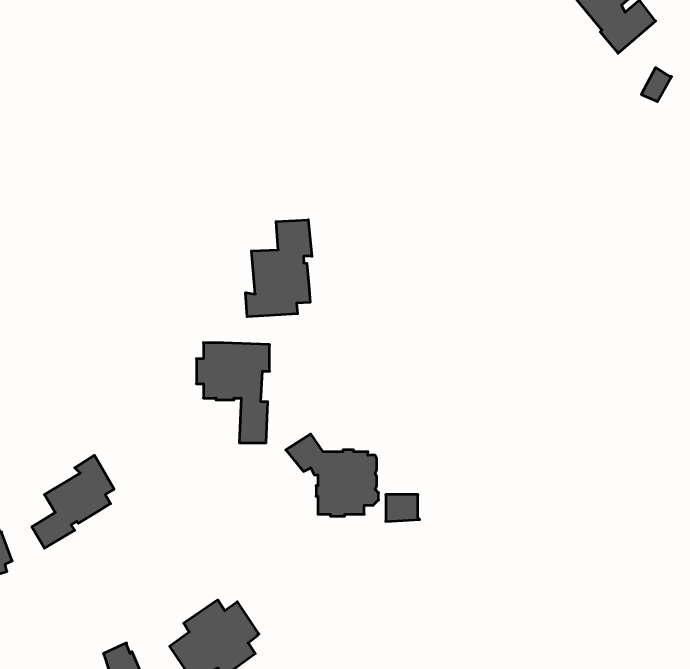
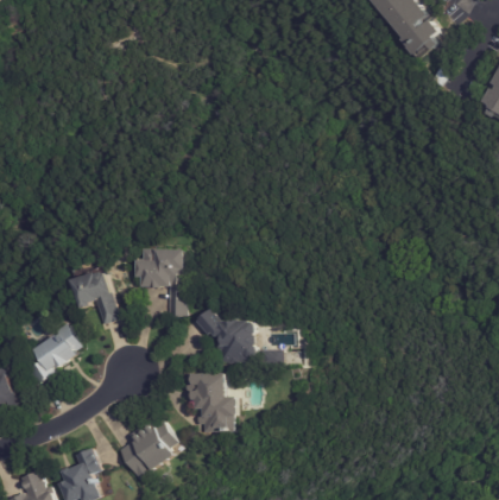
building: [246,220,312,317] -> none
building: none -> [74,272,118,323]
building: none -> [191,373,236,431]

